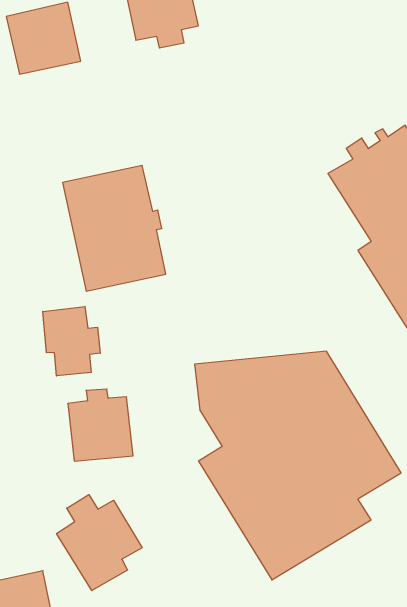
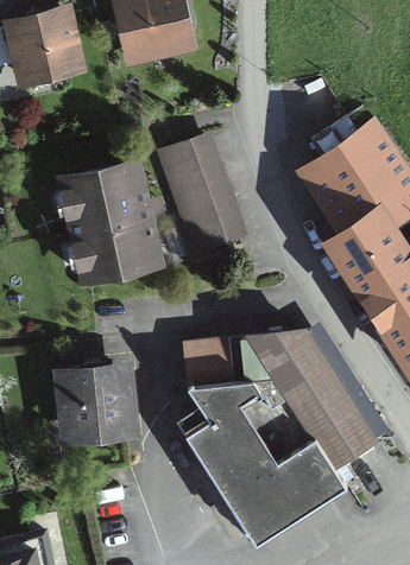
building: none -> [158,135,235,248]
building: [43,306,100,376] -> none
building: [57,495,142,591] -> none

